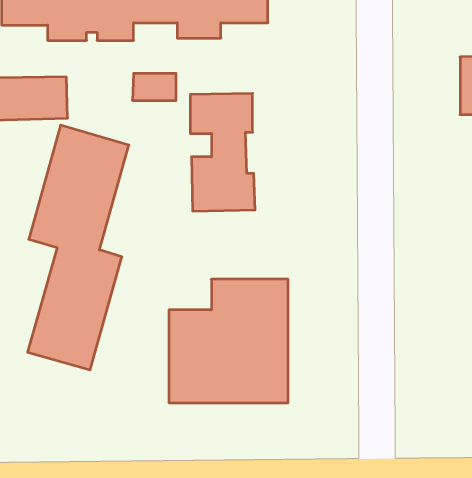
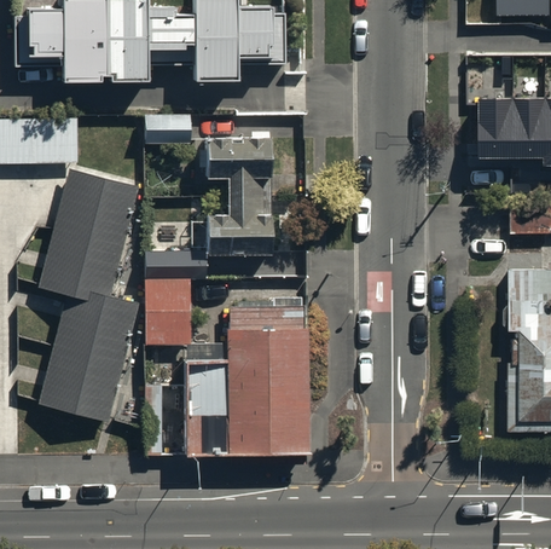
building: none -> [145,249,204,343]

